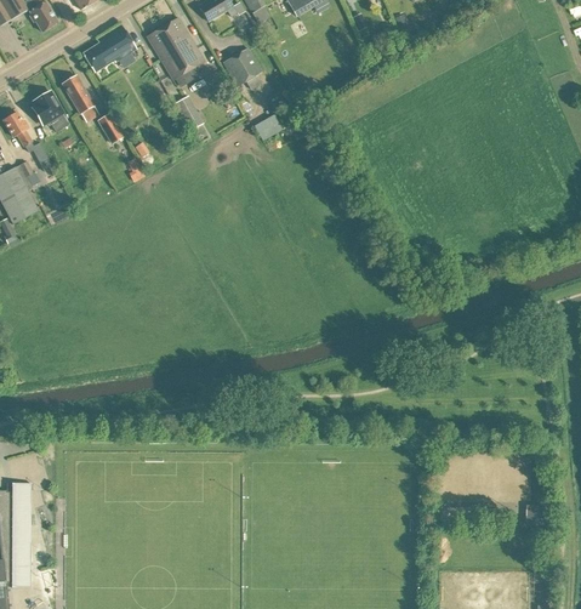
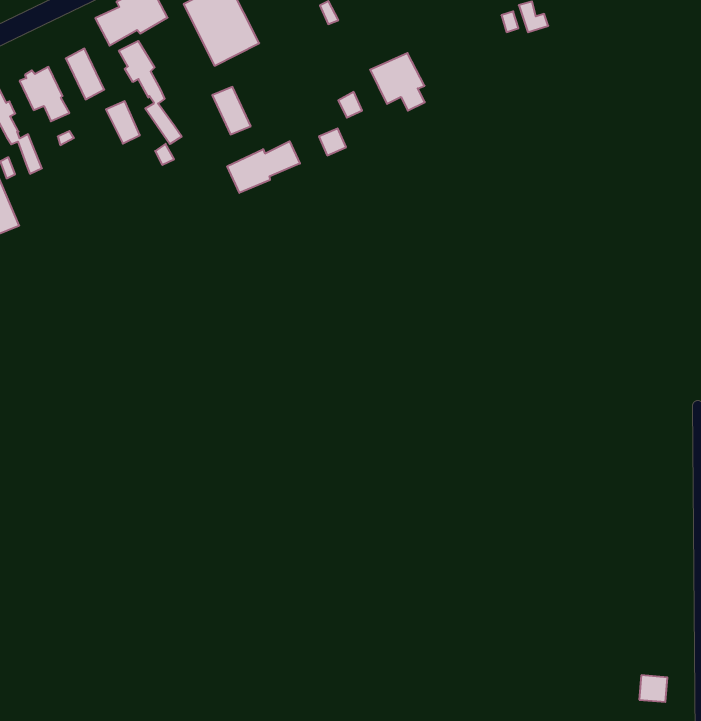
building: [221,49,263,91] -> [370,53,425,111]
building: none -> [119,41,182,144]
building: none -> [227,141,300,193]

